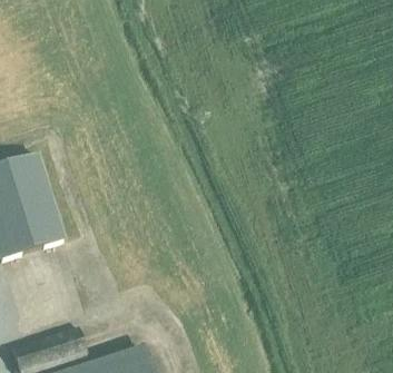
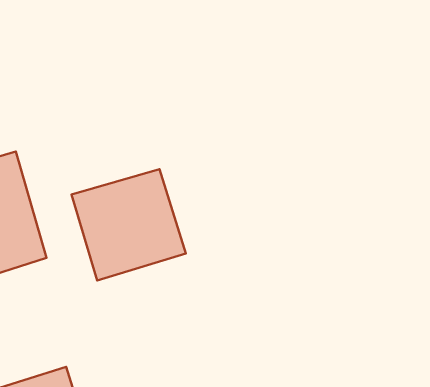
building: none -> [71,169,186,280]

